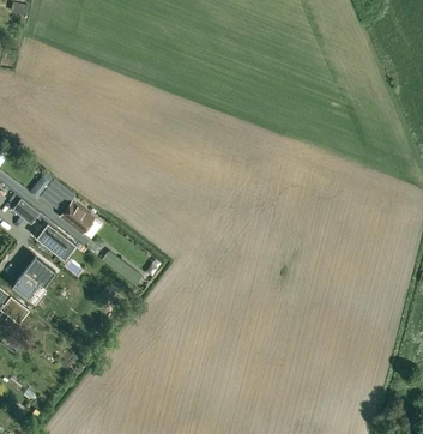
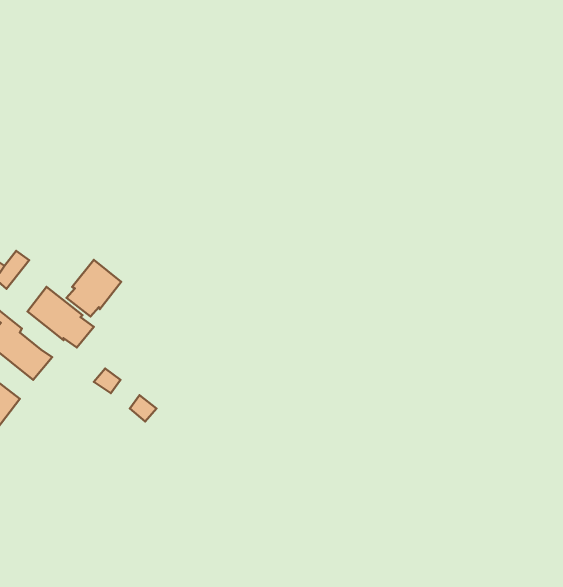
building: none -> [66,260,121,316]

